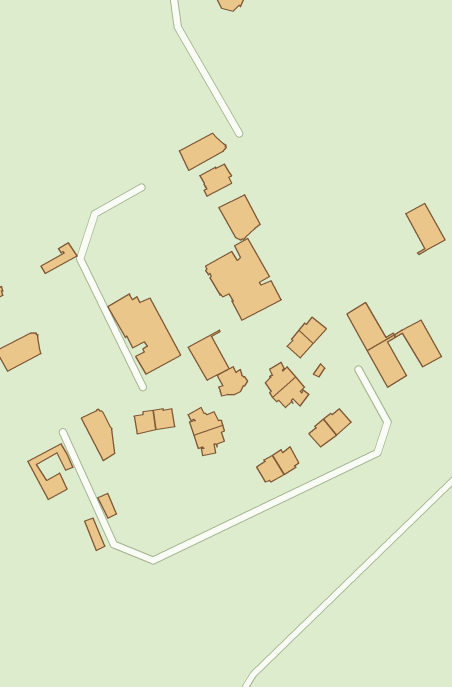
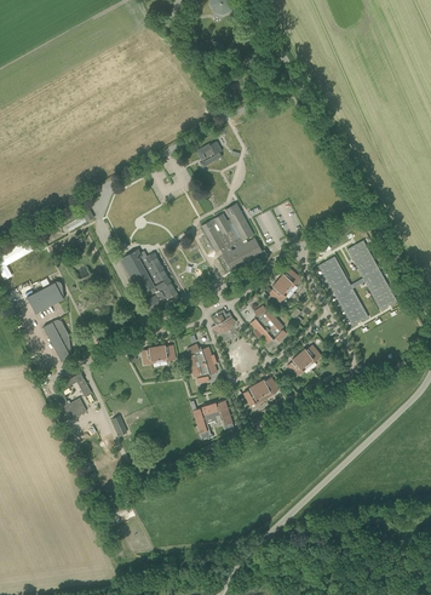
building: [179,133,226,170] -> none
building: [219,195,260,240] -> none
building: [406,204,445,255] -> [347,240,380,282]
building: [188,330,229,380] -> none
building: [81,410,115,461] -> [44,319,71,361]
building: none -> [192,400,232,433]

